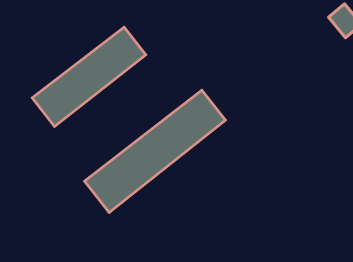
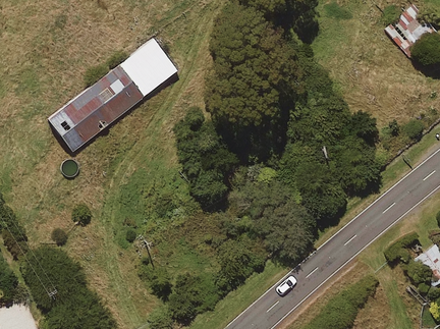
building: [85,90,225,212] -> none

